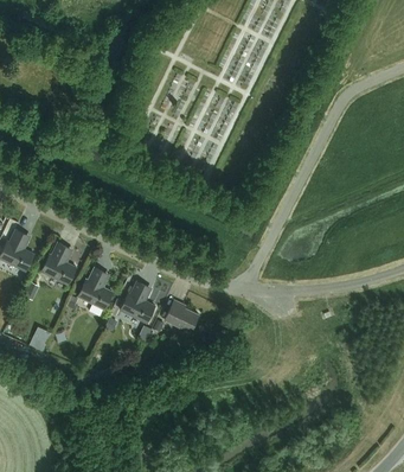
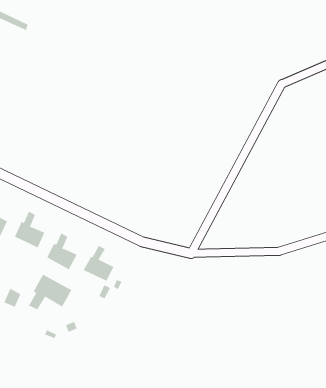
building: [165,300,200,332] -> none
building: none -> [28,274,72,310]

